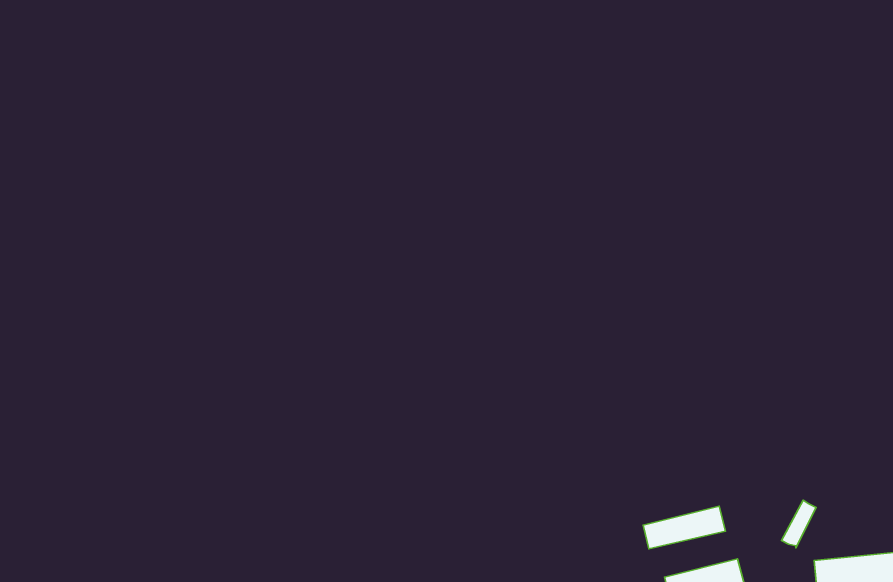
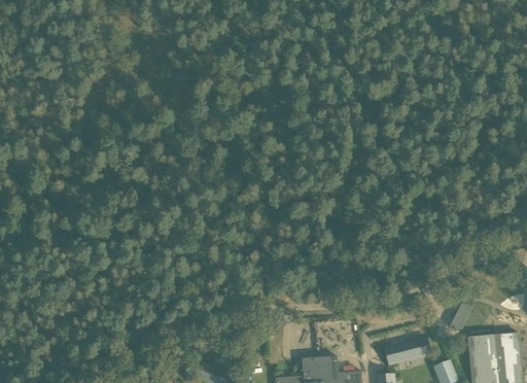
building: [643,506,725,549] -> none

